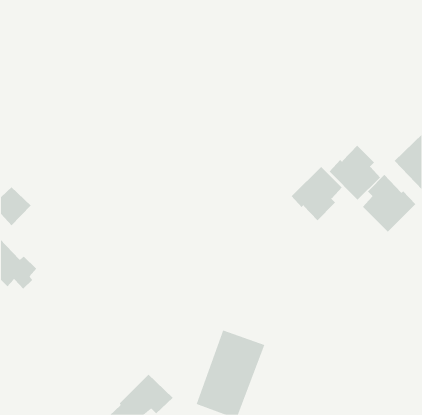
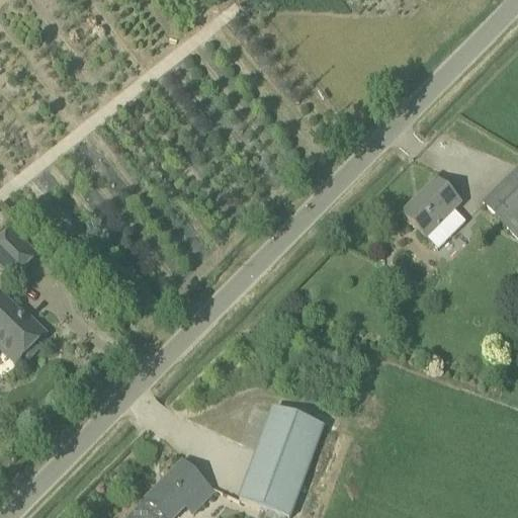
building: [291,166,342,222] -> none
building: [362,173,416,232] -> none

